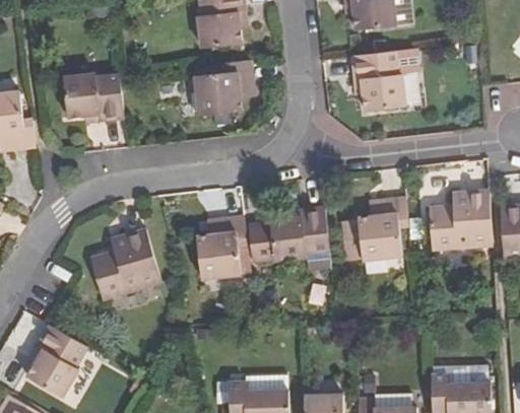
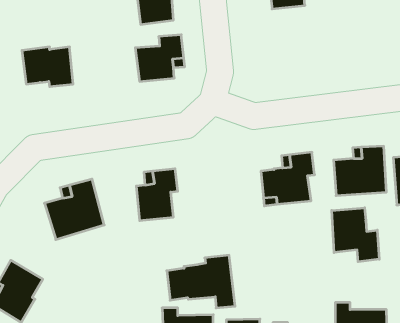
building: [353,53,406,110] -> none
building: [251,208,331,270] -> [167,255,235,308]
building: none -> [332,208,379,262]

